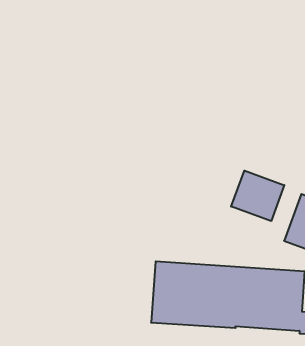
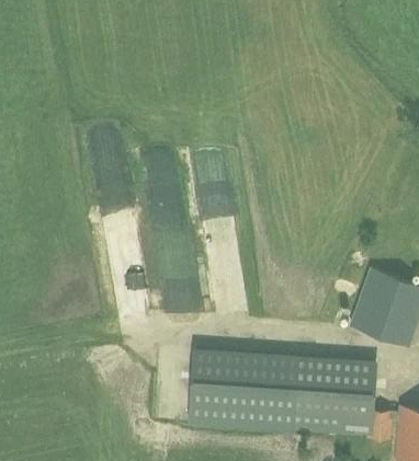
building: [231,171,284,221] -> none

